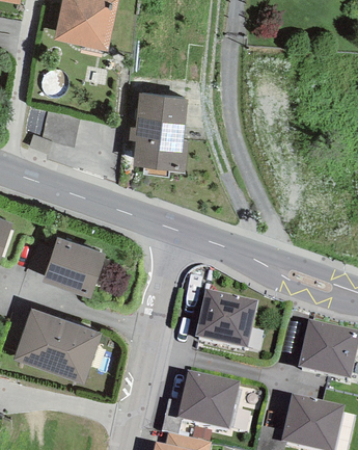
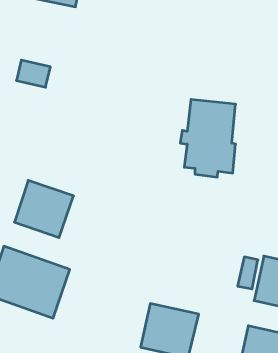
building: [129,94,188,177] -> [180,99,236,177]
building: [195,288,257,346] -> none

